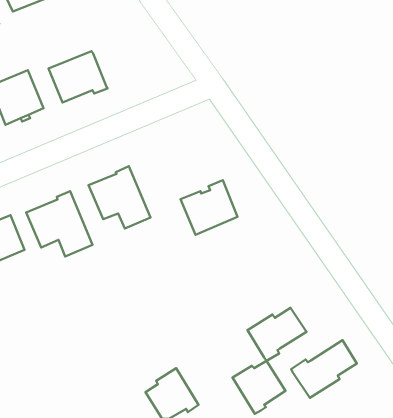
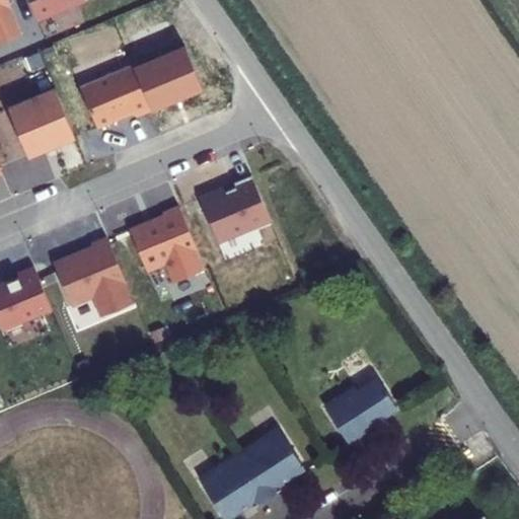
building: none -> [135,48,203,109]
building: [180,180,238,235] -> [200,176,270,243]
building: [291,340,357,398] -> none
building: [233,361,286,414] -> [236,434,301,499]

